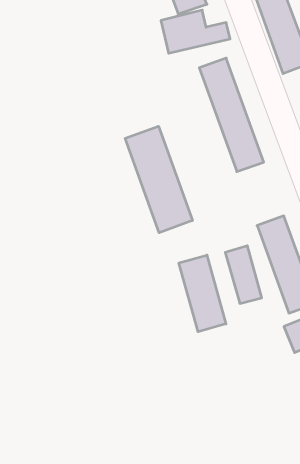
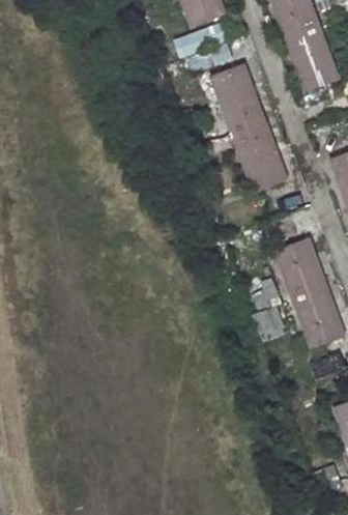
building: [125,126,192,233] -> none
building: [179,255,226,332] -> none

